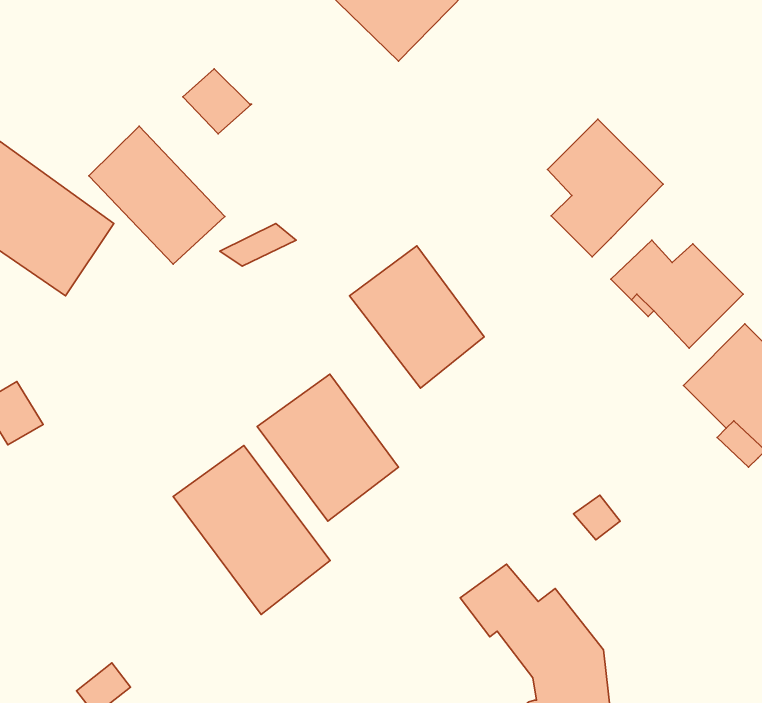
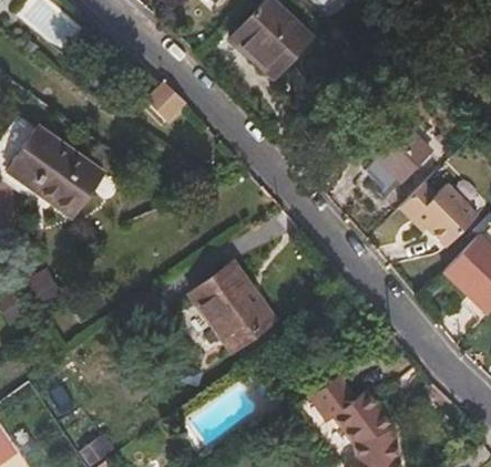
building: [89,126,225,264] -> none
building: [350,246,484,388] -> none
building: [173,445,330,614] -> none

